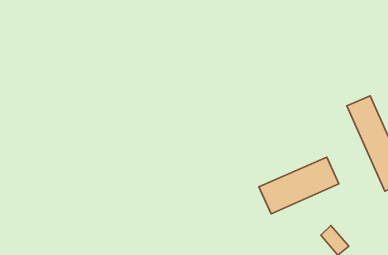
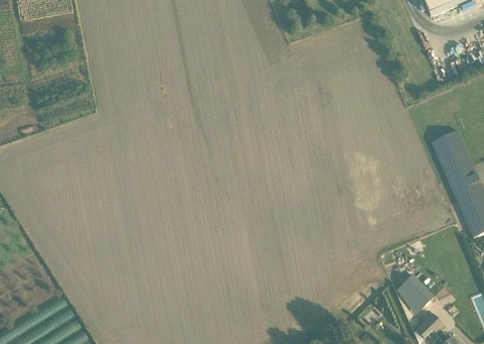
building: [259,157,339,214] -> none

